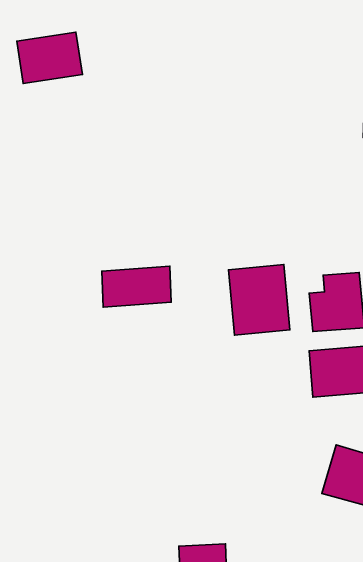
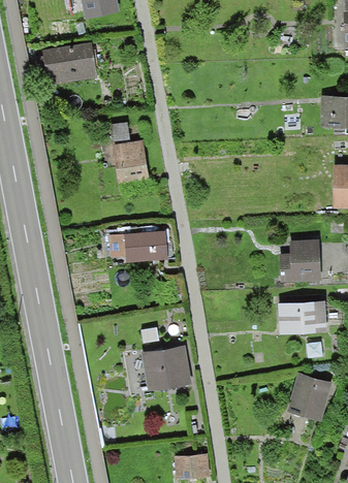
building: none -> [113,138,149,182]
building: [228,264,290,335] -> none
building: none -> [139,343,190,389]

